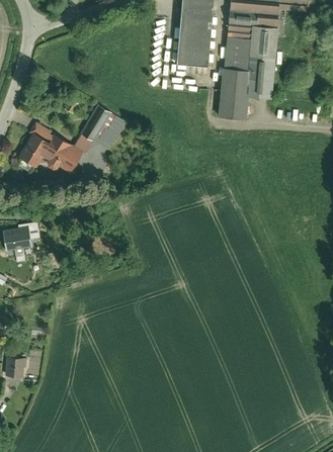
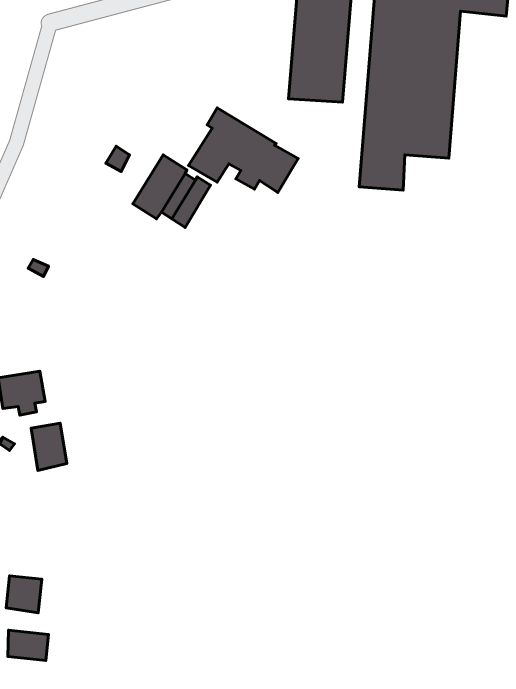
building: [20,119,86,170] -> [188,108,298,192]
building: none -> [31,423,67,470]
building: none -> [8,630,49,661]

